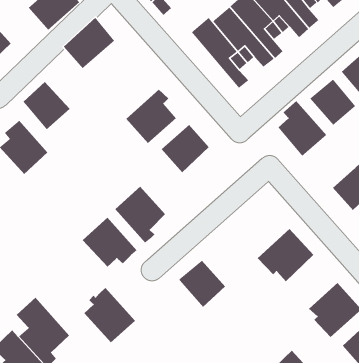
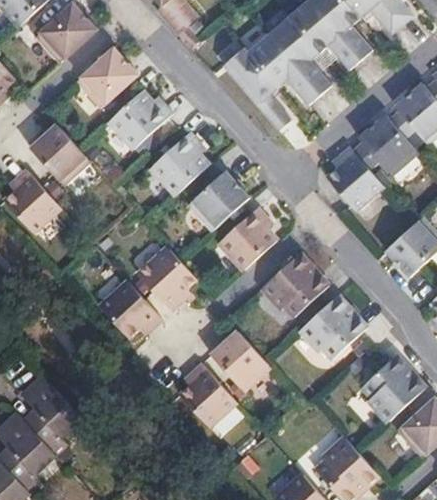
building: none -> [107,91,172,150]
building: none -> [215,207,273,272]
building: none -> [263,252,329,314]
building: [83,287,136,343] -> [175,363,236,428]

